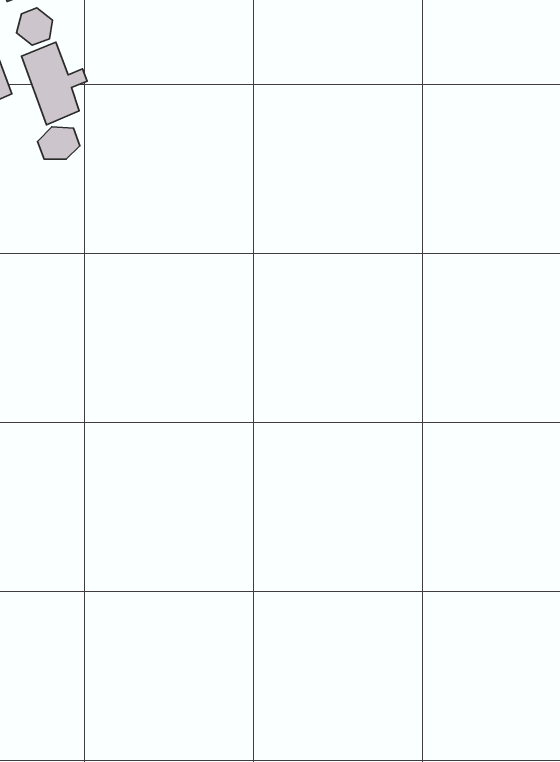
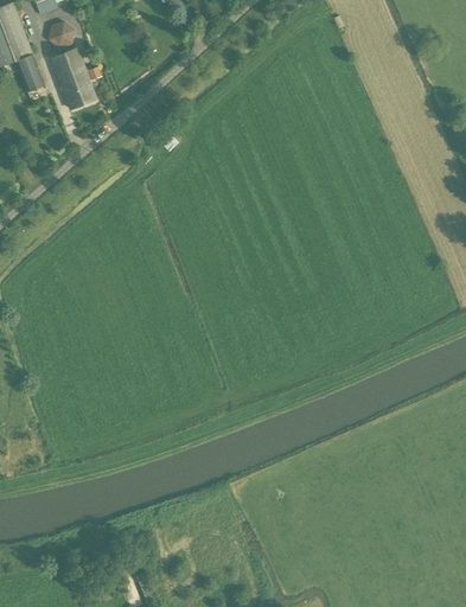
building: [38,127,80,159] -> none

